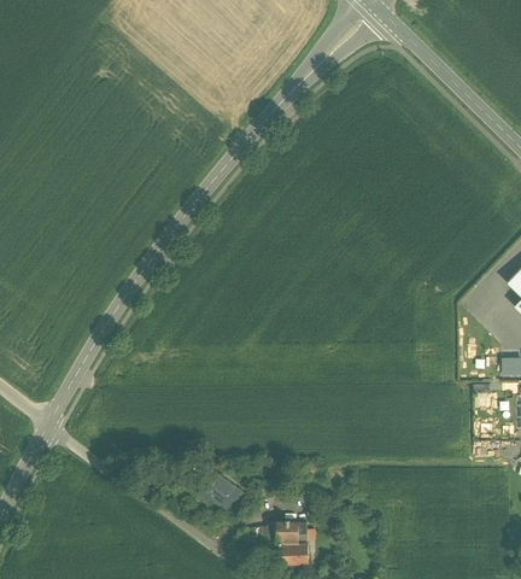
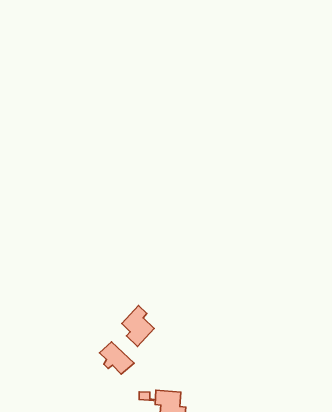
building: none -> [122,306,154,346]

